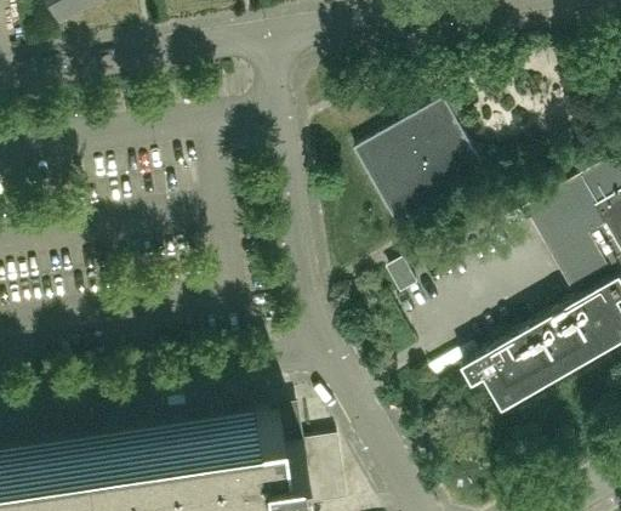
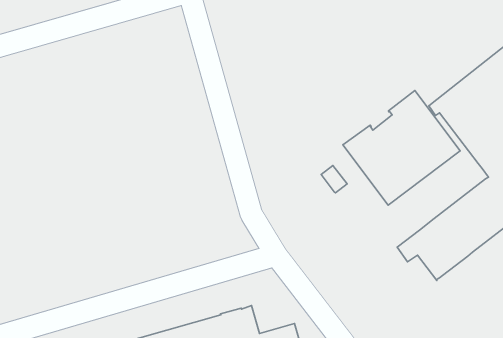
building: [354,102,486,228] -> [343,90,460,205]

